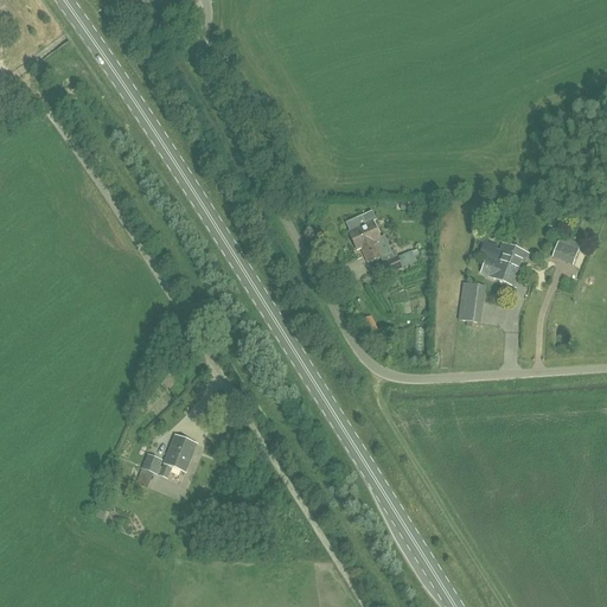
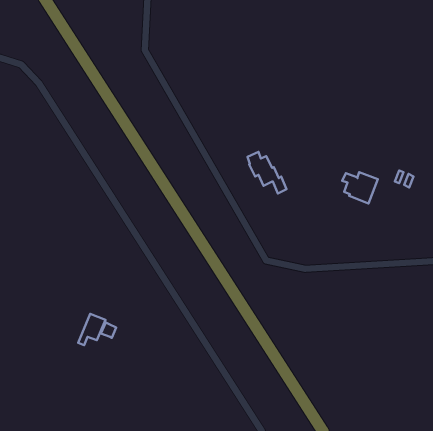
building: [459,281,484,320] -> none
building: [159,433,197,477] -> [78,314,105,345]

